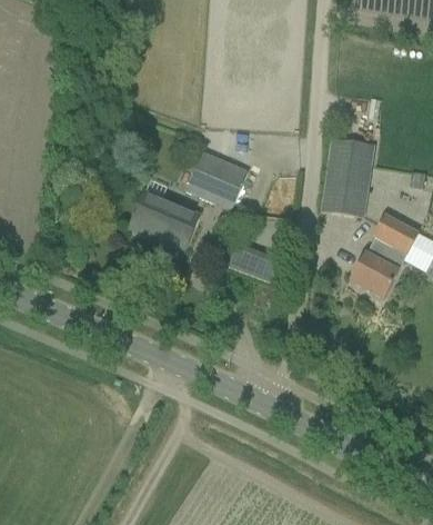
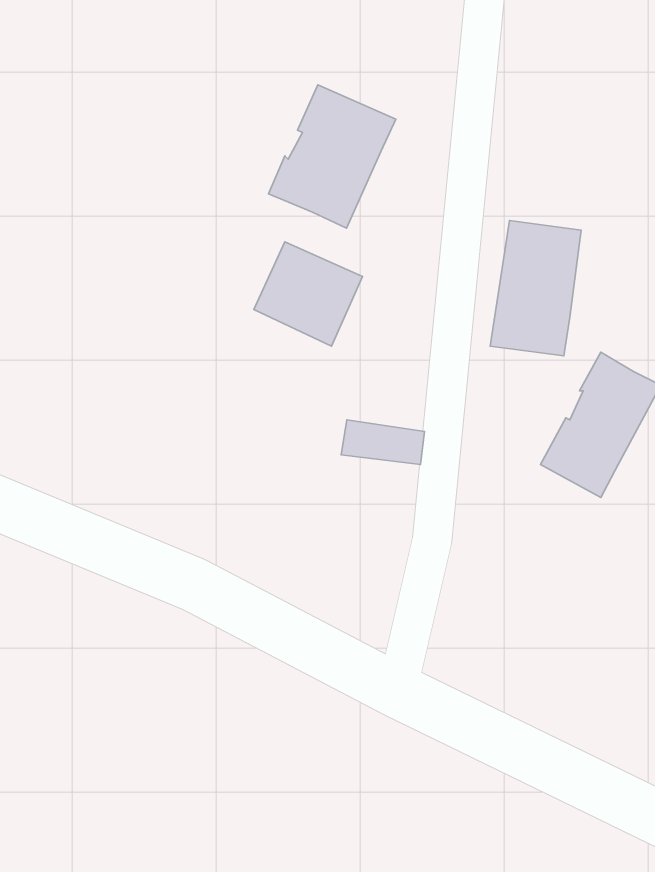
building: none -> [269,85,396,228]
building: [130,187,200,247] -> none

